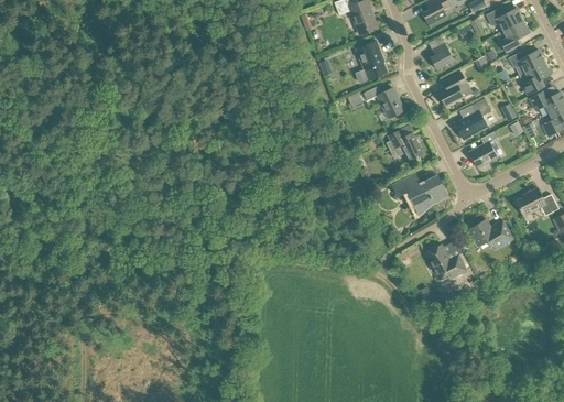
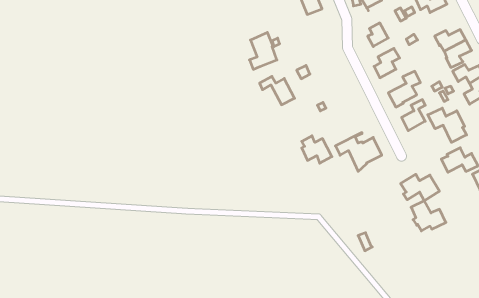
building: [501,20,530,52] -> none
building: [356,40,388,83] -> [249,32,277,69]
building: [365,85,405,118] -> [260,76,295,105]
building: [389,129,424,161] -> [302,136,332,163]
building: none -> [428,108,467,142]
building: [426,245,467,280] -> [411,201,446,231]

